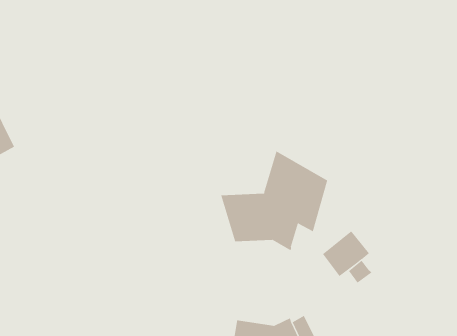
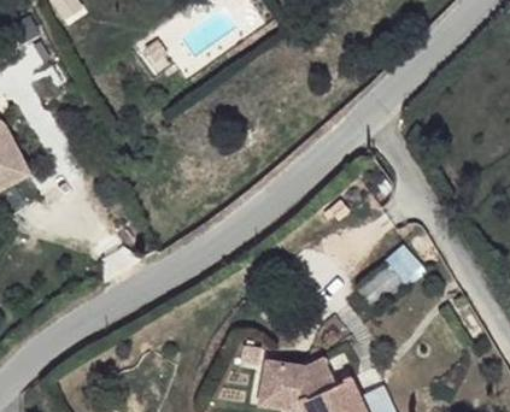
building: [220,150,328,251] -> none

